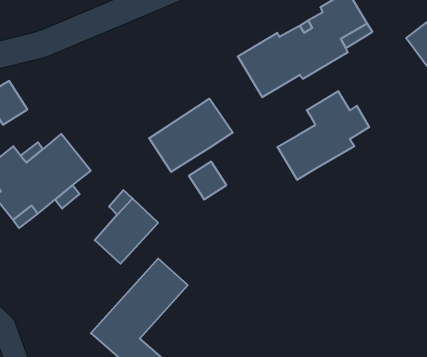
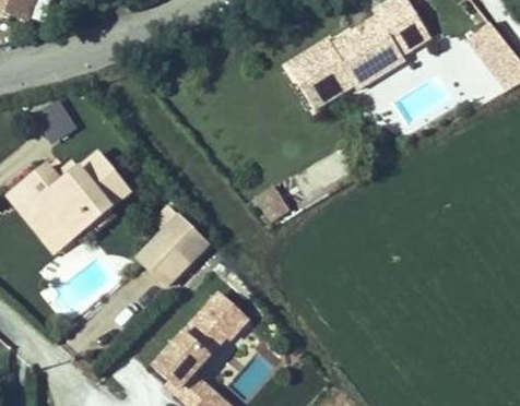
building: [278,91,369,180] -> none
building: [149,99,233,172] -> none

